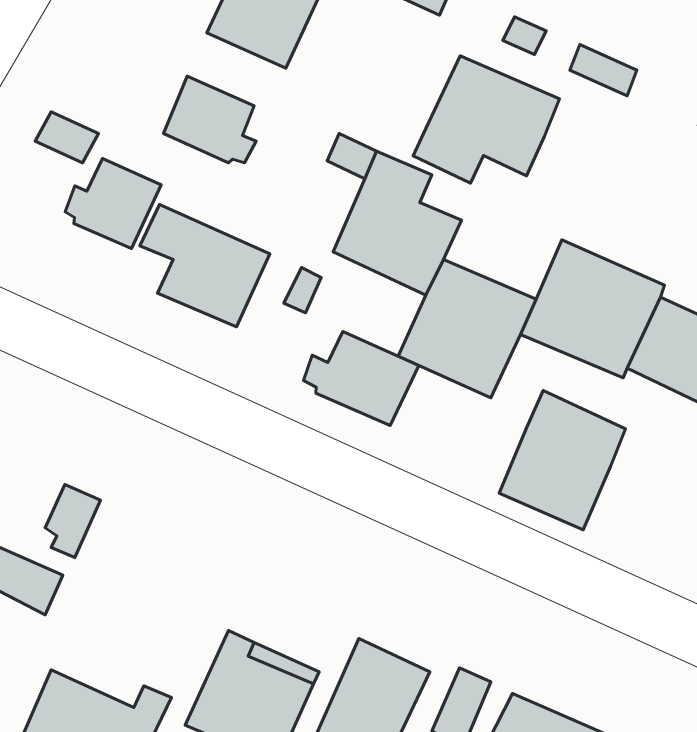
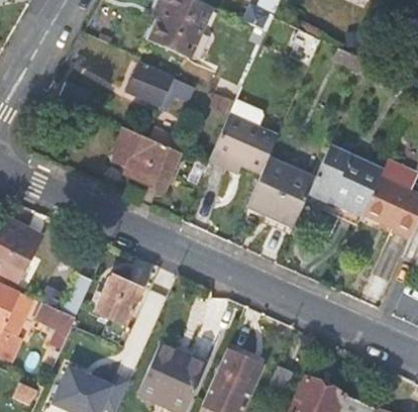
building: [413,56,559,183] -> none
building: [65,159,161,248] -> none
building: [304,332,419,426] -> none
building: [499,391,626,530] -> none
building: none -> [94,274,144,327]

